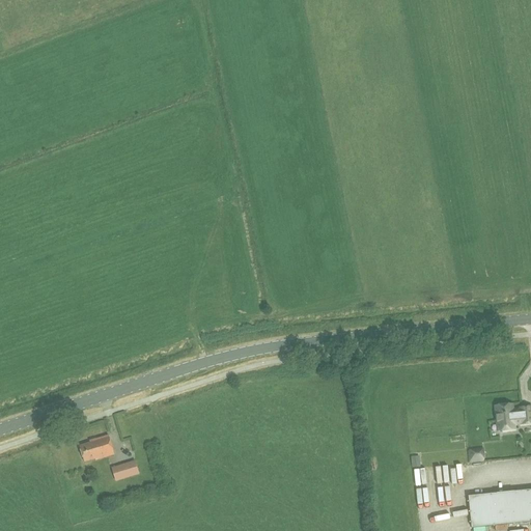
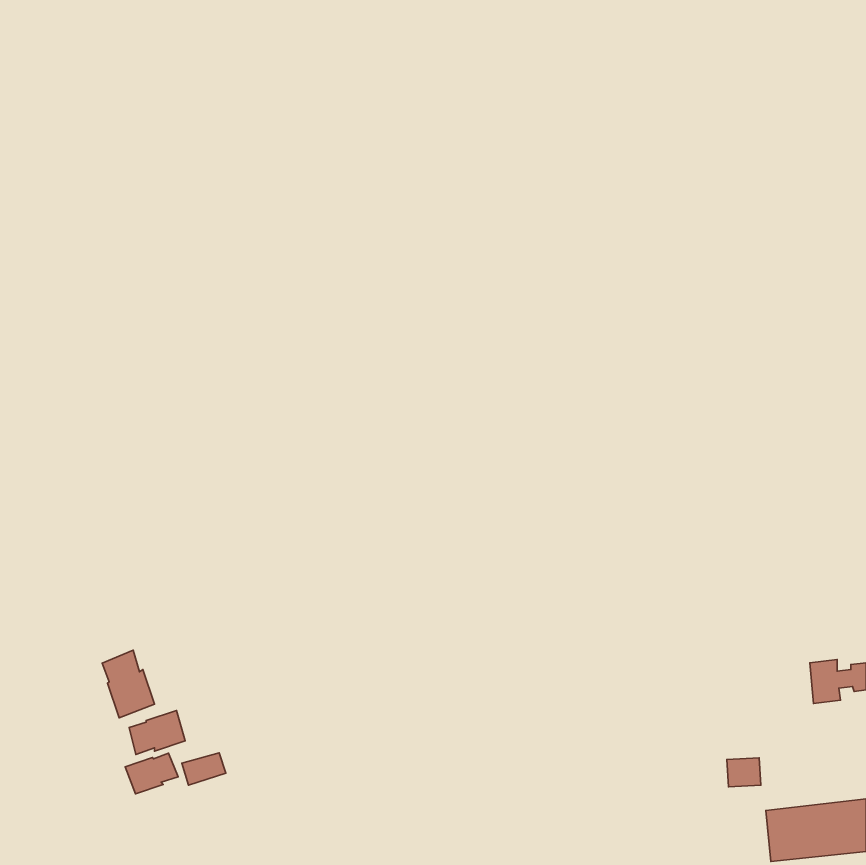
building: none -> [102,650,154,718]
building: none -> [125,753,178,794]

